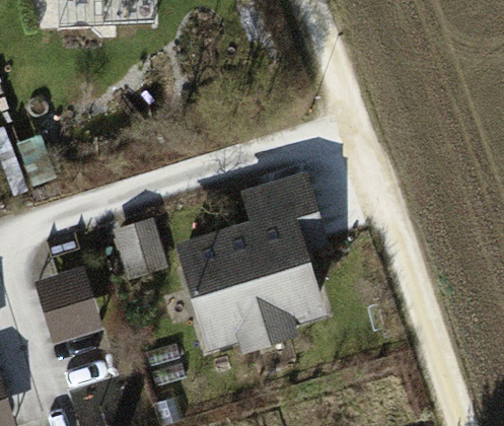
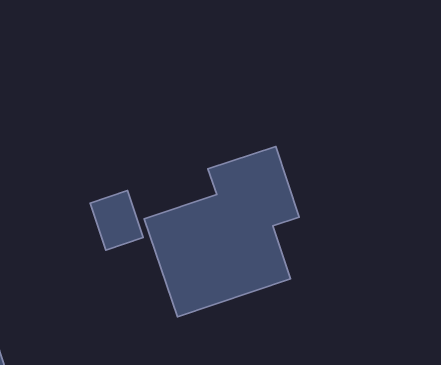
building: [41,261,112,341] -> none

